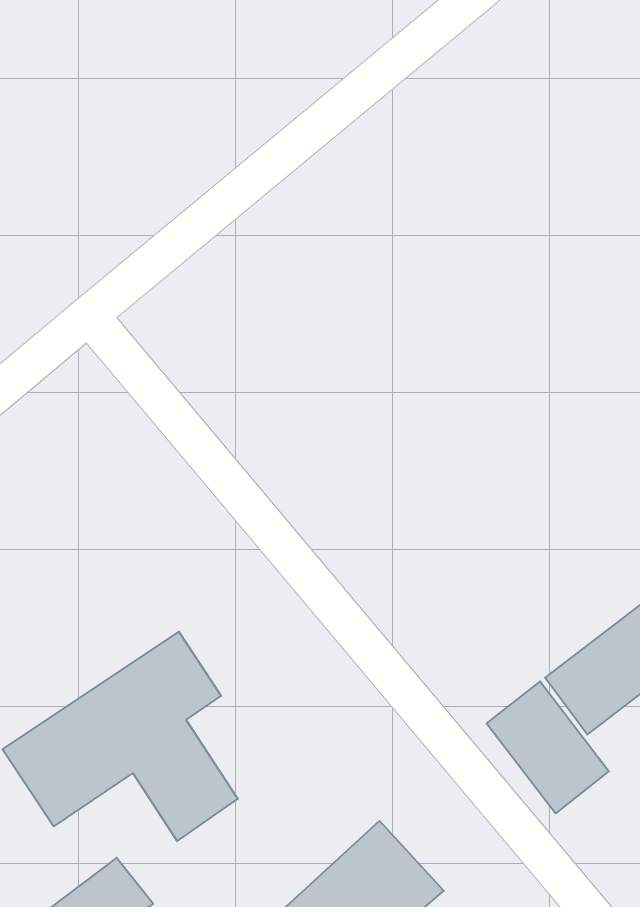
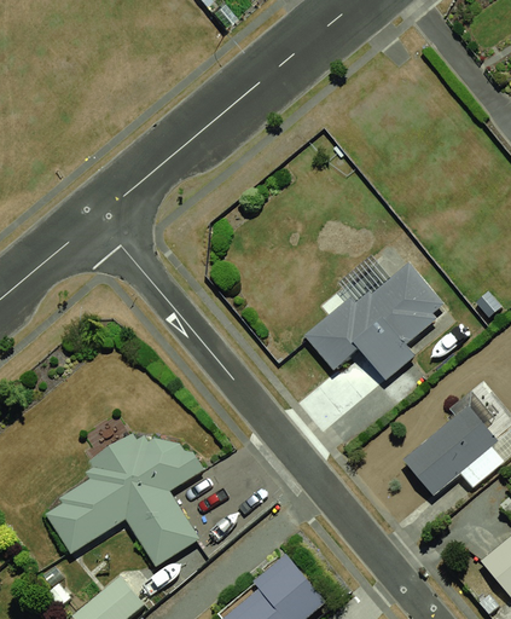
building: none -> [307,260,441,383]
building: [487,681,609,813] -> none

